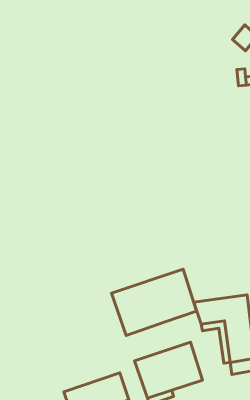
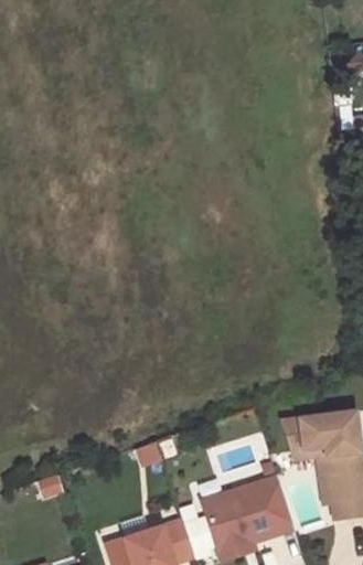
building: [111,269,197,335] -> none

